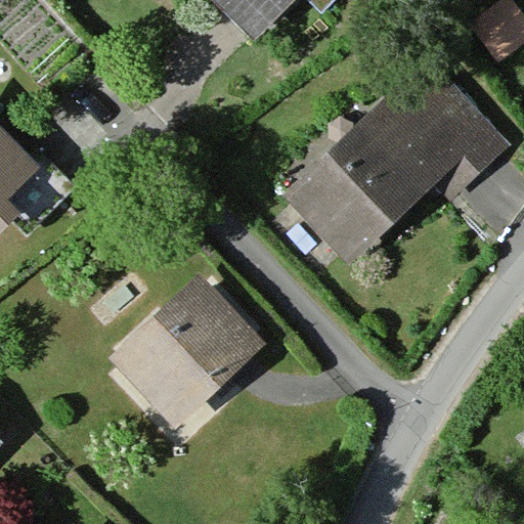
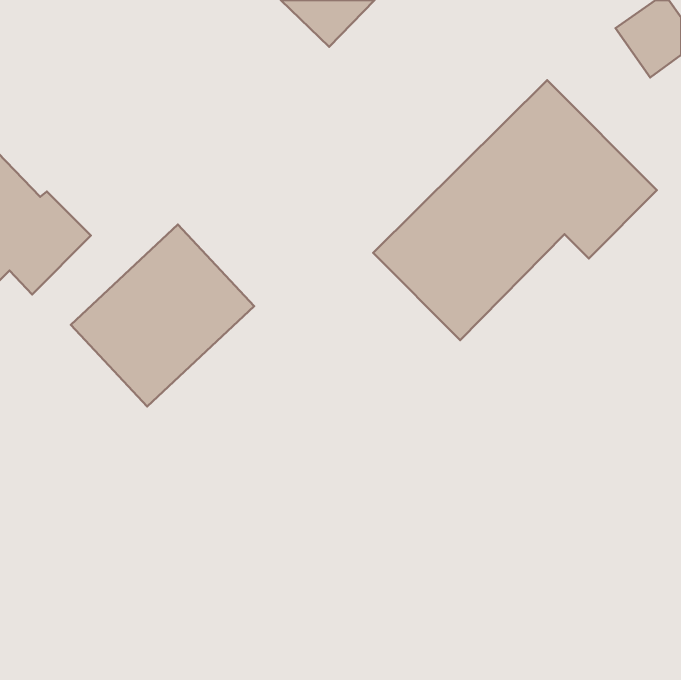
building: [118,273,258,412] -> [71,224,254,406]

